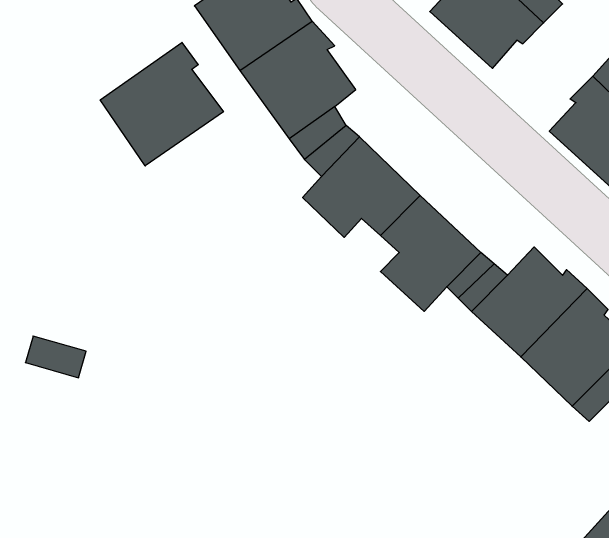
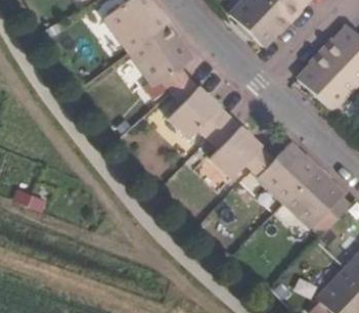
building: [100,42,223,166] -> none

